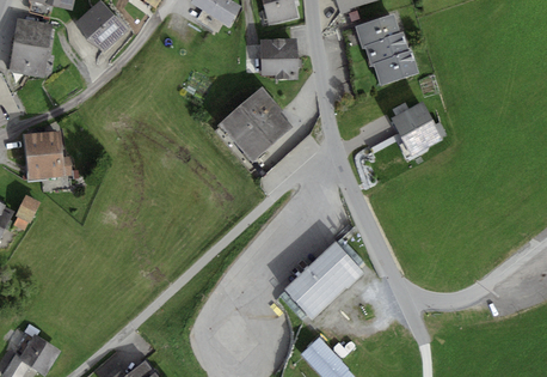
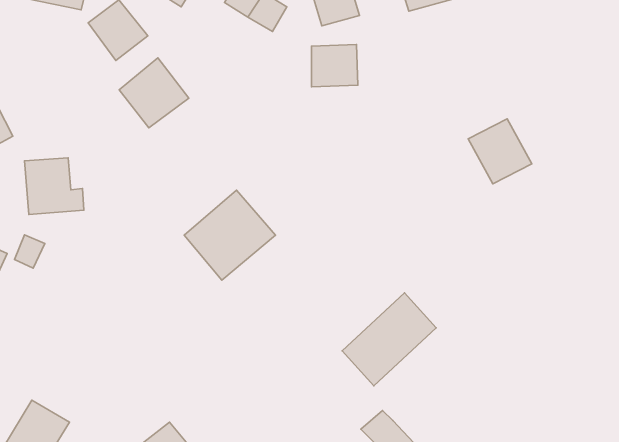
building: [358,13,418,89] -> none
building: [10,19,53,75] -> none
building: none -> [119,58,189,128]
building: [220,87,295,162] -> [184,190,276,280]

